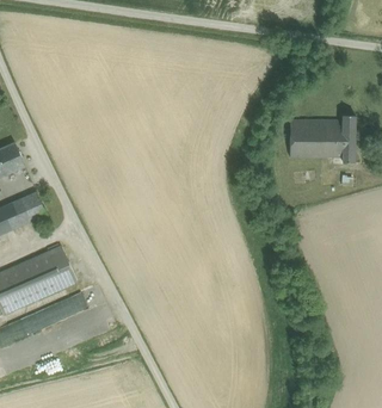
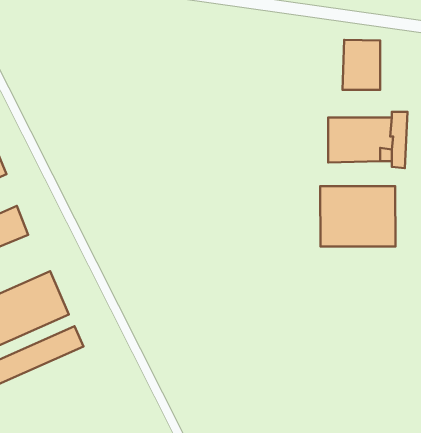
building: none -> [342,40,380,90]
building: none -> [320,186,396,246]

